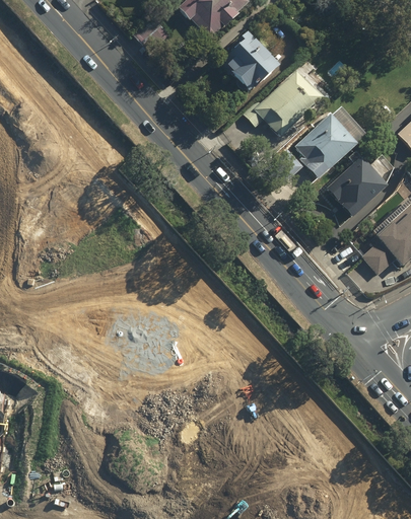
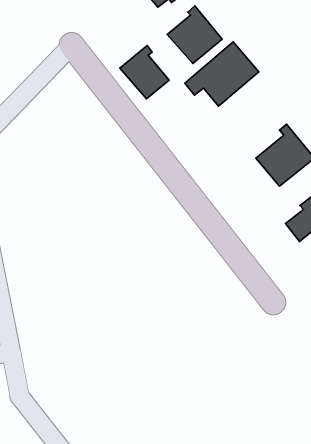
building: none -> [120,45,169,99]
building: [291,112,359,179] -> none

